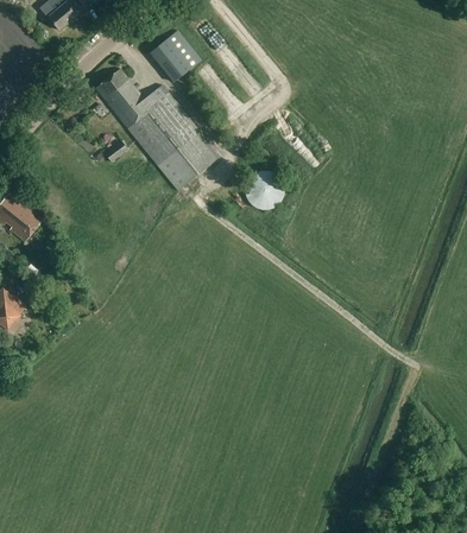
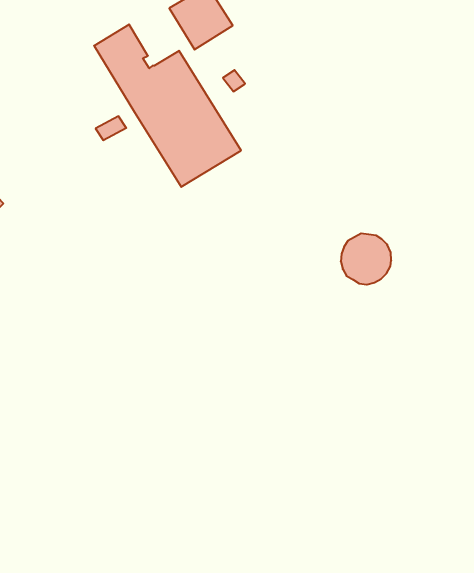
building: [246,171,285,210] -> [341,233,391,285]

